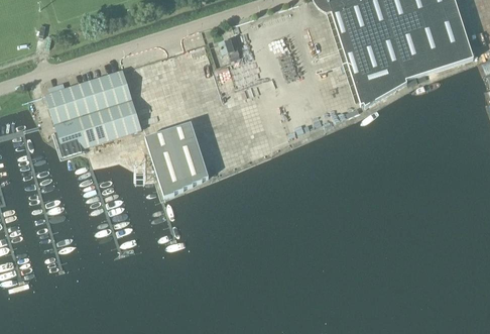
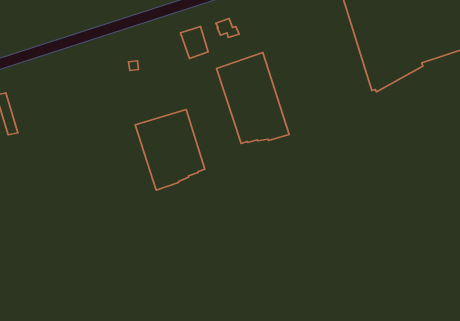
building: [45,69,141,152] -> none
building: none -> [217,52,289,143]

